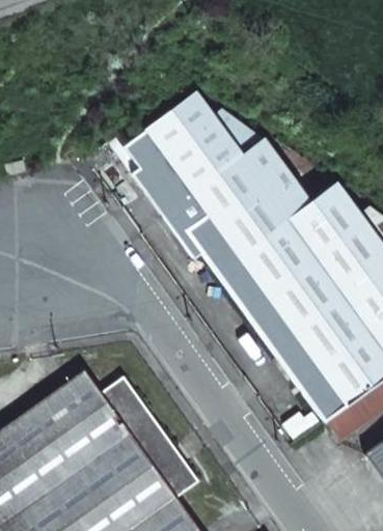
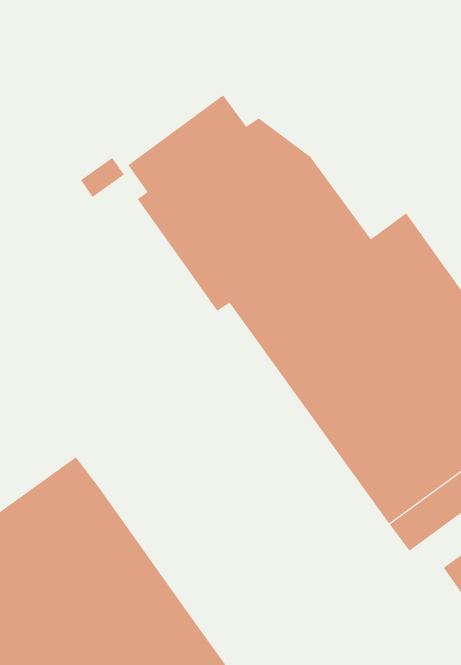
building: [102,375,199,497] -> none

